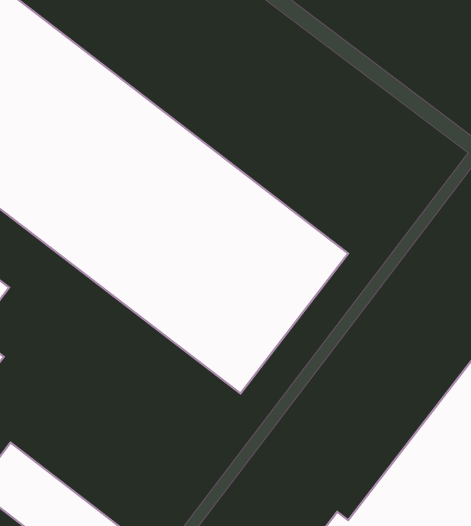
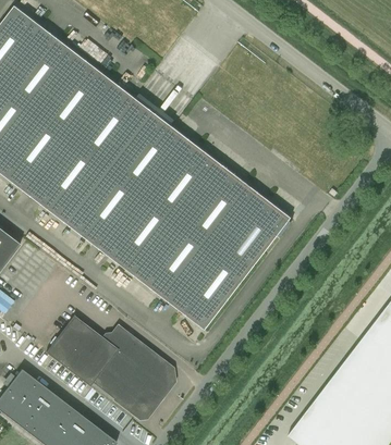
building: none -> [46,316,173,419]

